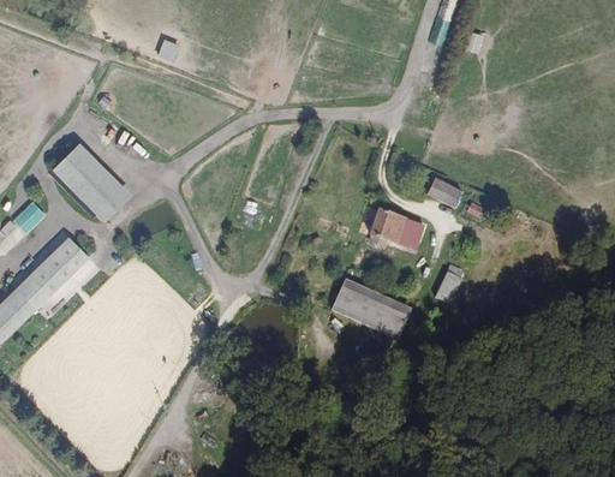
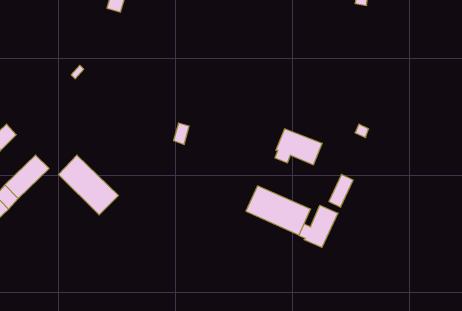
building: [54,144,129,219] -> [59,155,118,215]
building: [426,177,461,207] -> none
building: none -> [299,205,338,247]

